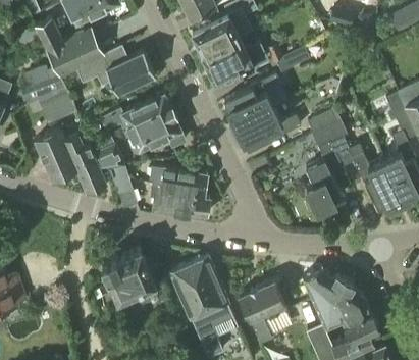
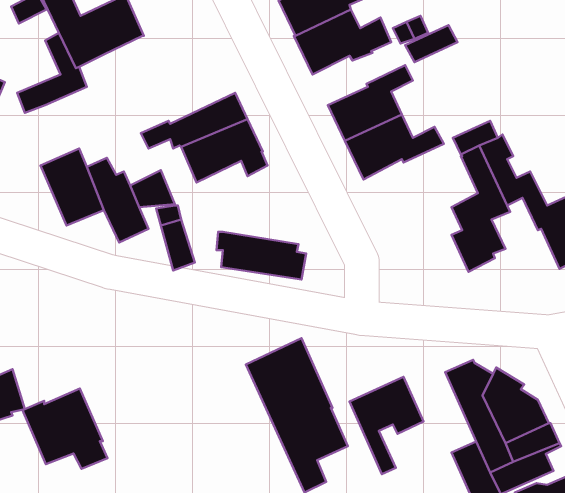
building: [76,51,155,93] -> none
building: [38,89,76,124] -> none
building: [150,167,208,193] -> none
building: [102,249,158,302] -> [23,389,108,469]

